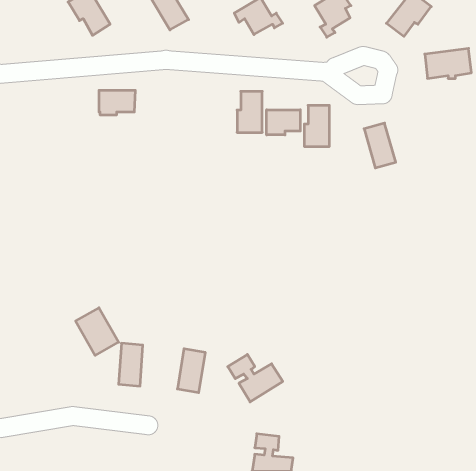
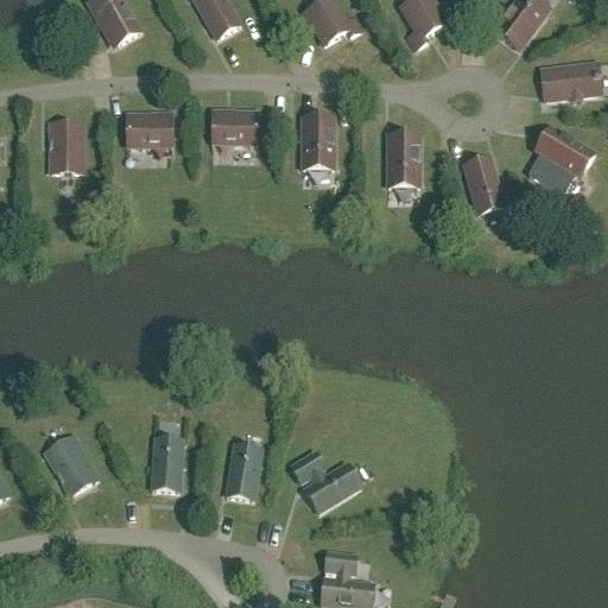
building: none -> [211,112,258,144]
building: none -> [50,122,83,172]
building: none -> [528,126,594,195]
building: [267,110,300,135] -> none
building: [76,308,119,355] -> [44,435,99,495]

